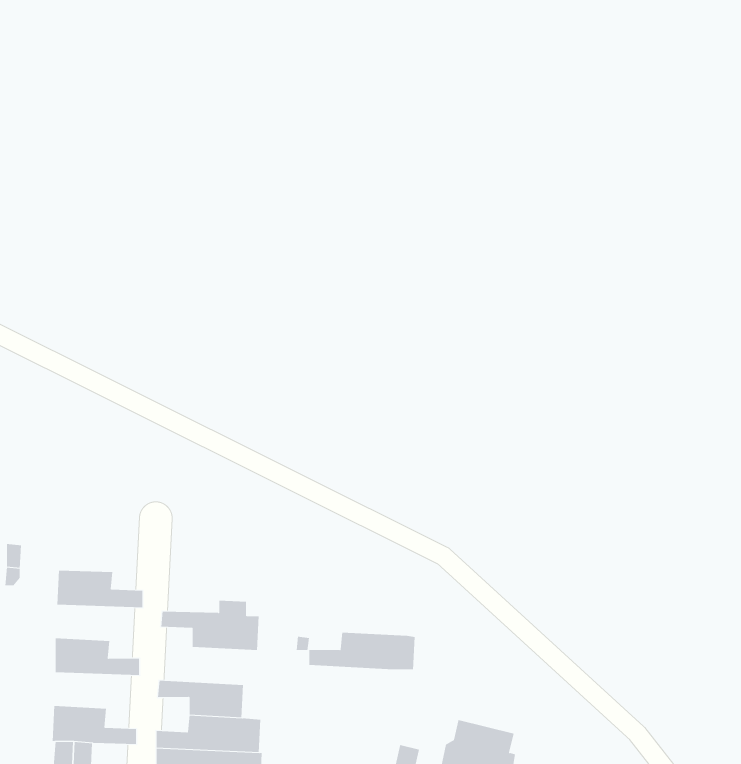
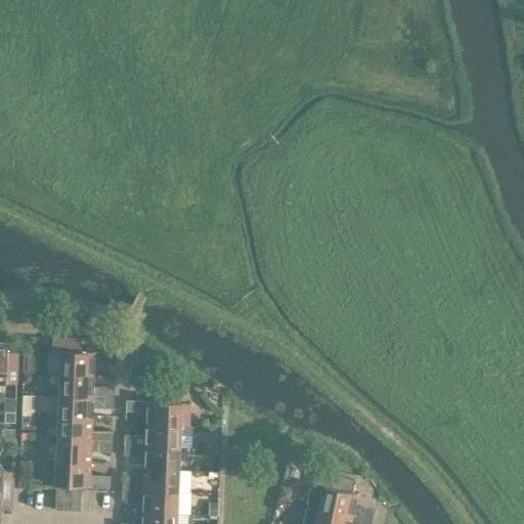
building: none -> [51,340,115,377]
building: none -> [56,398,114,422]
building: [308,632,415,670] -> [124,426,193,450]
building: none -> [55,442,112,466]

